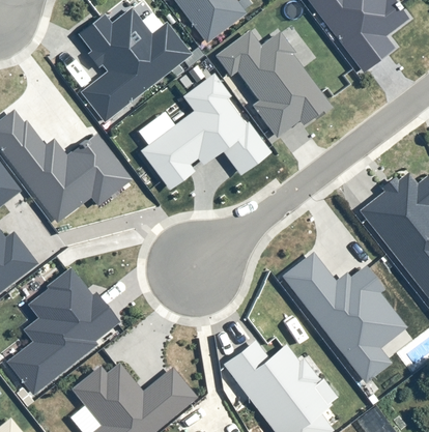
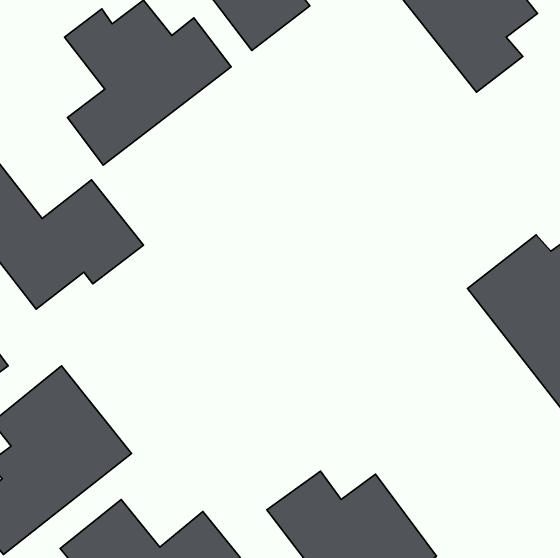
building: [216,30,325,135] -> none
building: [138,76,270,193] -> none
building: [281,251,408,380] -> none

